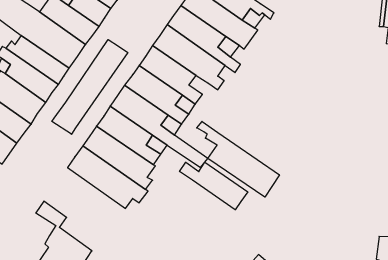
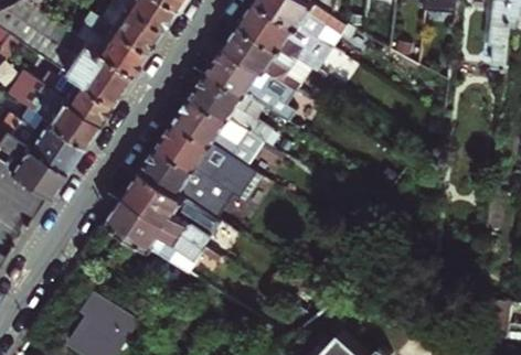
building: [52,40,128,134] -> none
building: [197,121,279,197] -> none
building: [180,162,248,210] -> none

